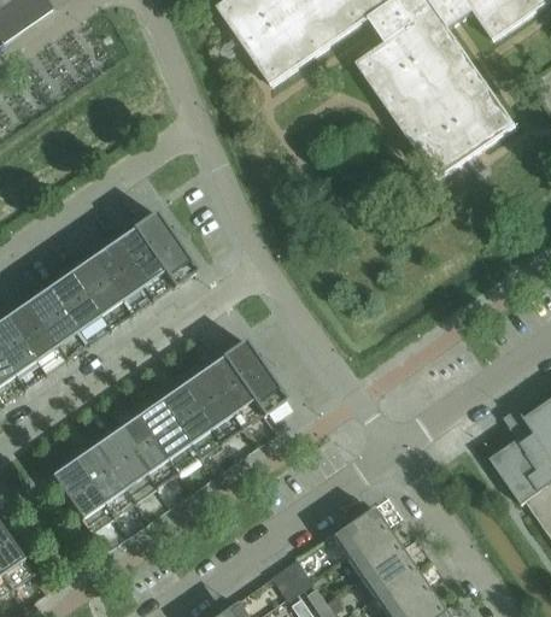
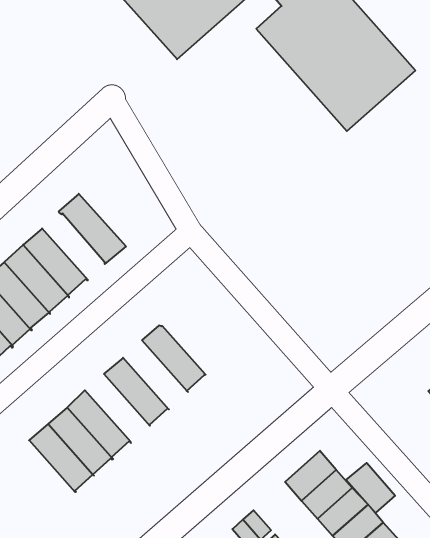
building: [111,227,171,300] -> none
building: [219,337,285,415] -> none
building: [178,369,241,443] -> none
building: [135,399,198,472] -> none
building: [48,458,112,533] -> none
building: none -> [346,463,395,513]

